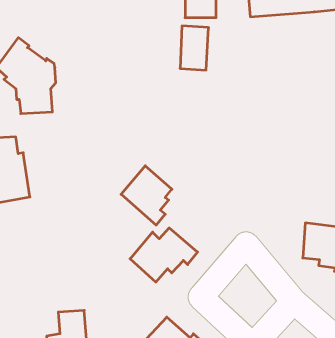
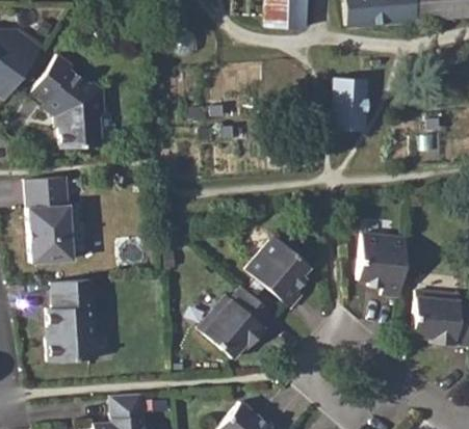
building: [180,26,209,70] -> [331,78,366,133]
building: [121,166,172,225] -> [247,235,311,309]
building: none -> [356,232,406,295]
building: none -> [45,278,98,361]

